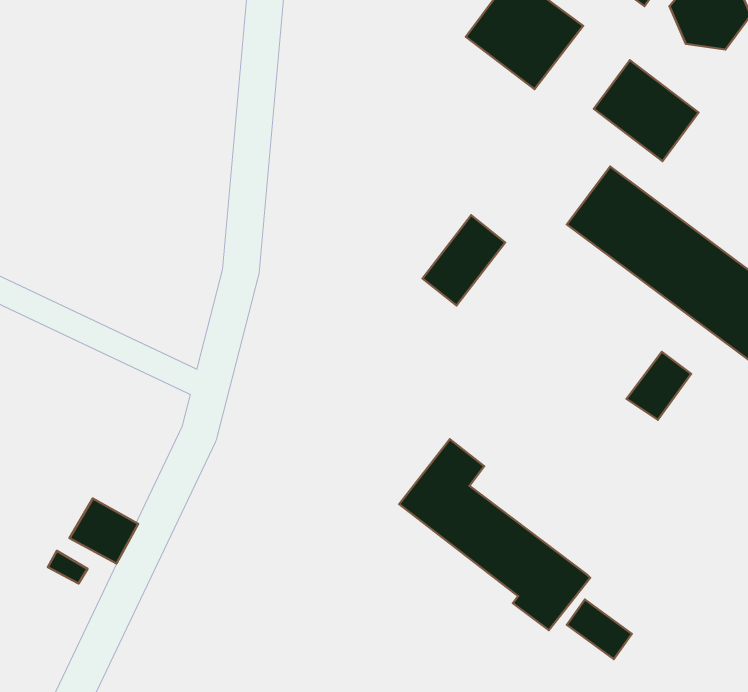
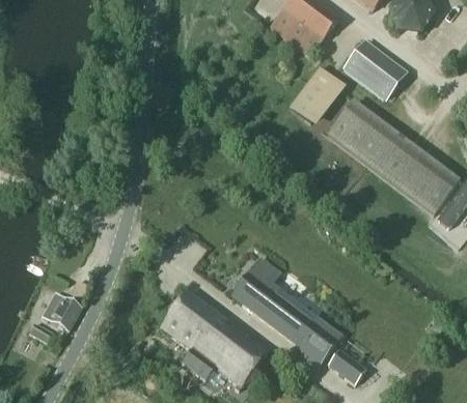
building: [422,215,505,306] -> [290,68,337,120]
building: [627,352,691,420] -> none
building: none -> [162,289,268,390]

